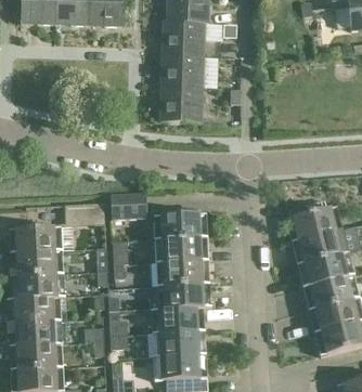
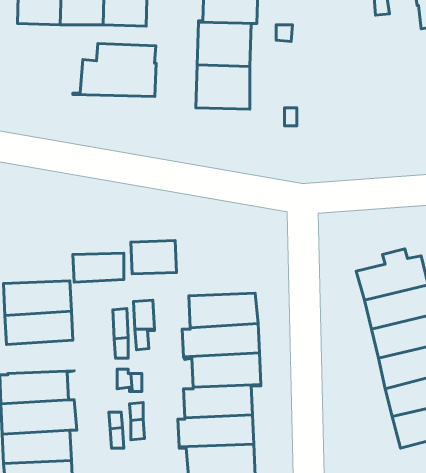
building: none -> [73,43,156,97]
building: [159,90,203,125] -> none
building: [154,207,207,237] -> none
building: [12,272,65,298] -> none

